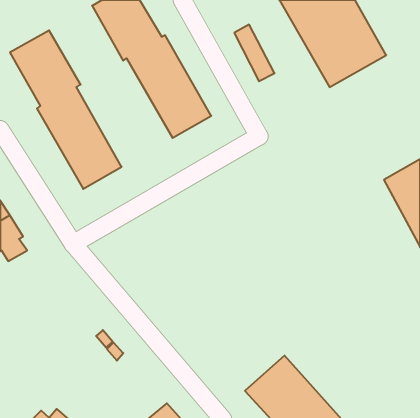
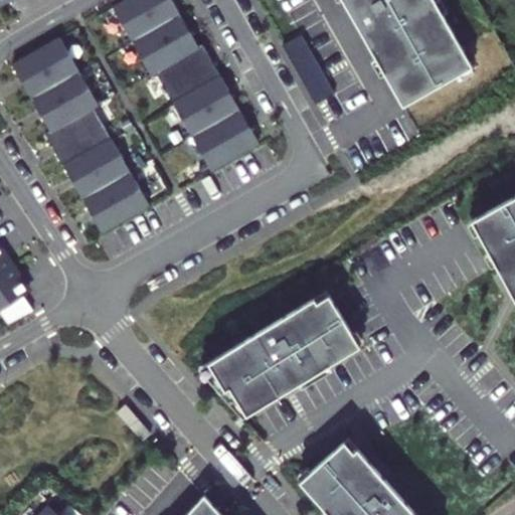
building: none -> [207,293,359,413]

